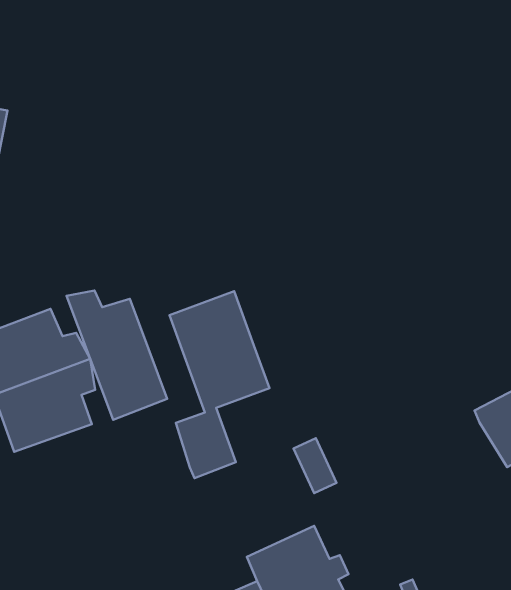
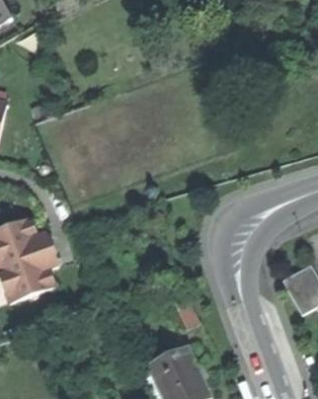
building: [66,291,167,420] -> none
building: [170,291,269,478] -> none

